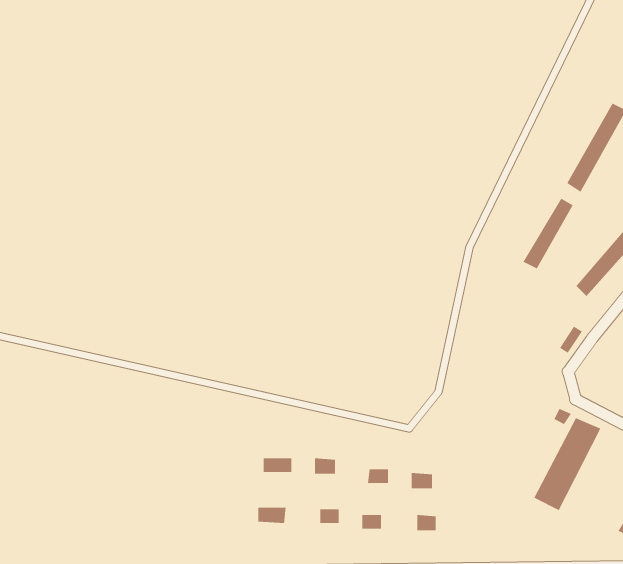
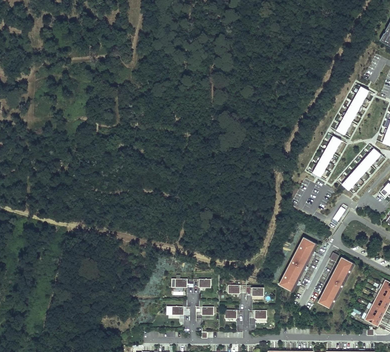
building: none -> [279,236,318,291]

